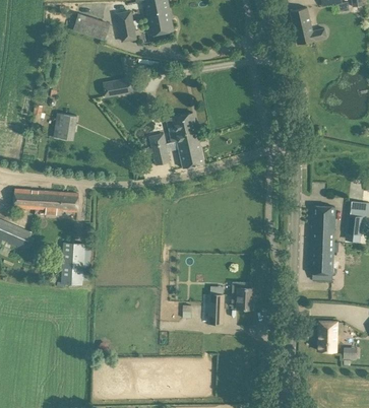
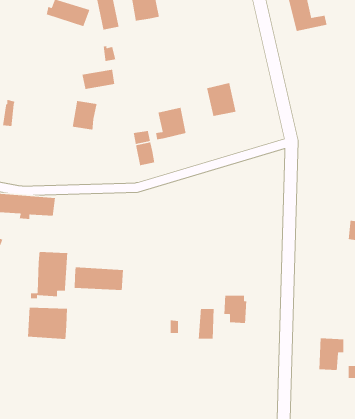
building: [53,113,76,140] -> [72,100,98,131]
building: [176,136,203,167] -> [206,82,236,117]
building: [310,206,337,274] -> none
building: none -> [74,266,124,291]
building: none -> [27,307,68,340]

